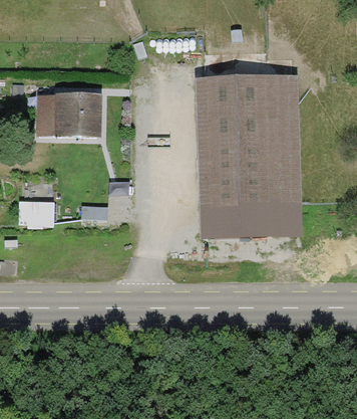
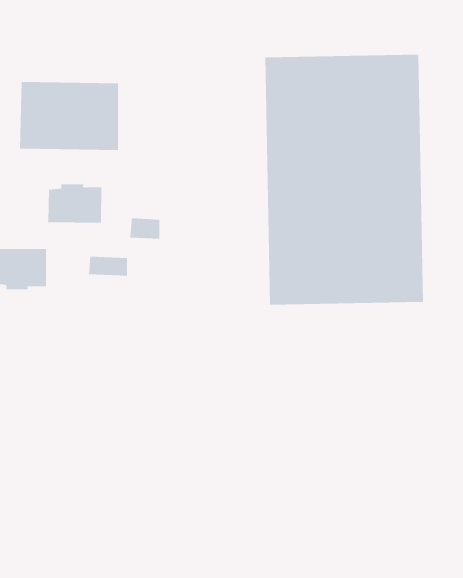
building: none -> [48,183,102,224]

